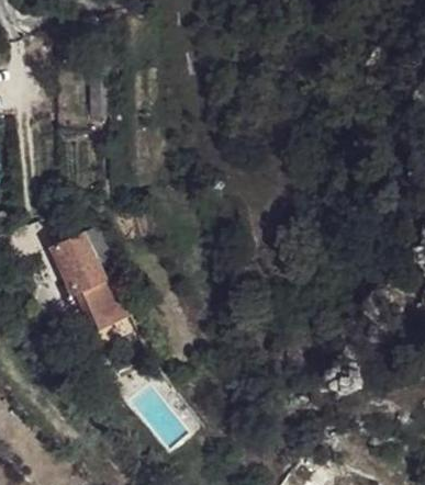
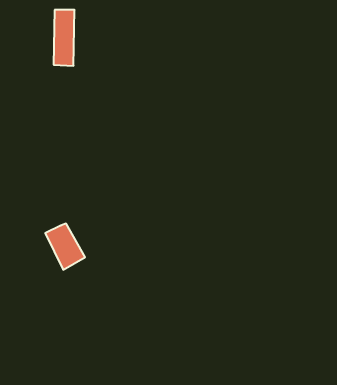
building: [53,238,100,296] -> none

